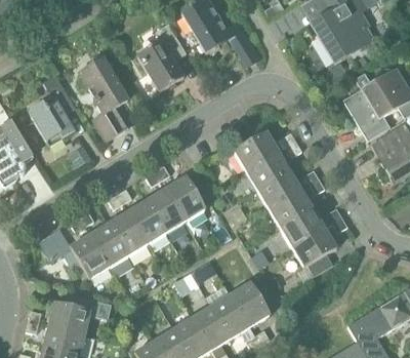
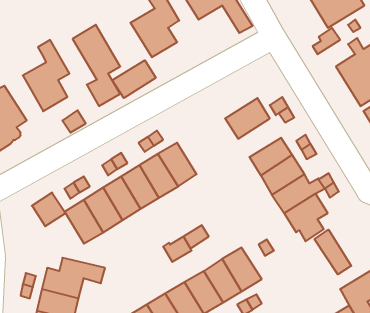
building: none -> [112,60,156,98]
building: [246,153,289,192] -> none
building: none -> [315,230,351,274]

